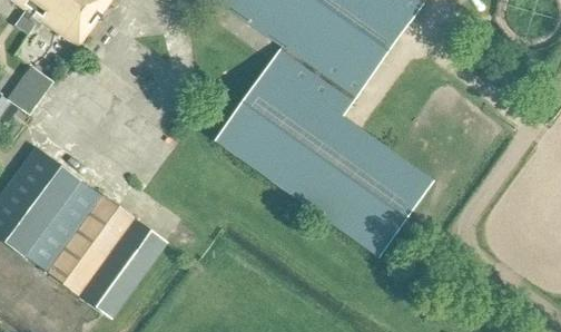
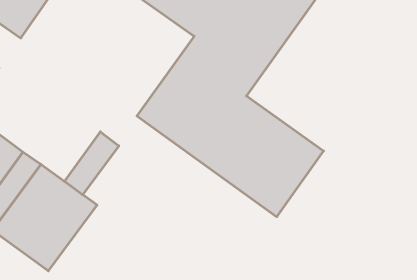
building: none -> [65,132,119,195]

